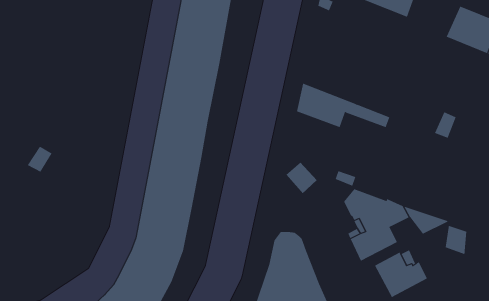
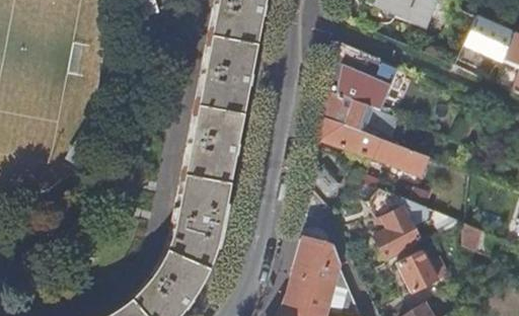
building: none -> [329,41,399,109]
building: none -> [319,116,430,175]

